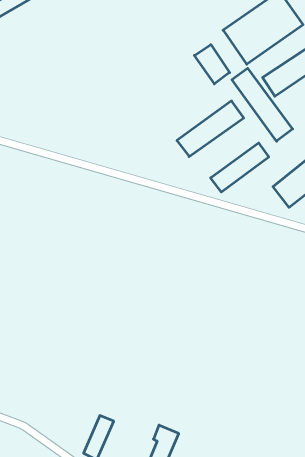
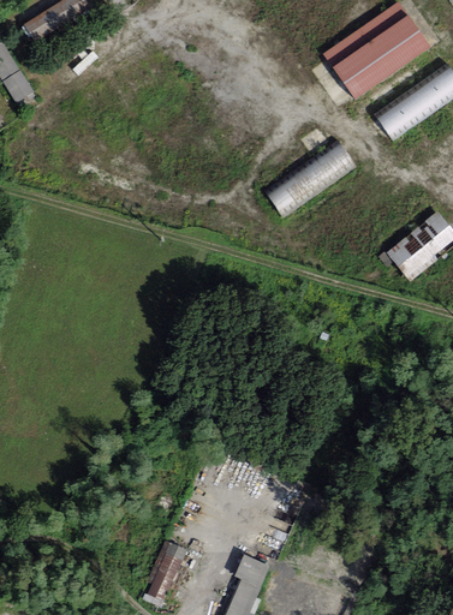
building: [194,45,230,84] -> none
building: [232,68,293,141] -> none
building: [211,143,269,192] -> none

